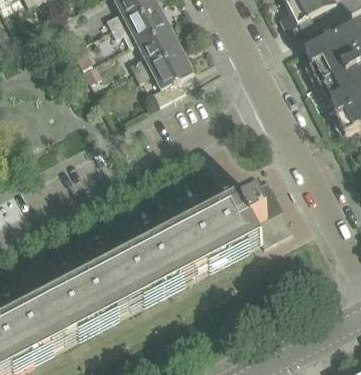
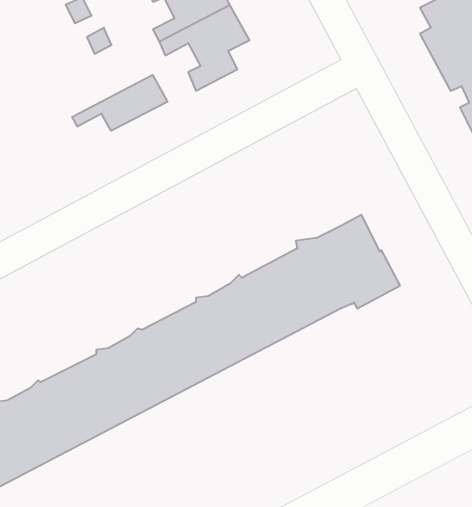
building: none -> [72,75,167,131]

